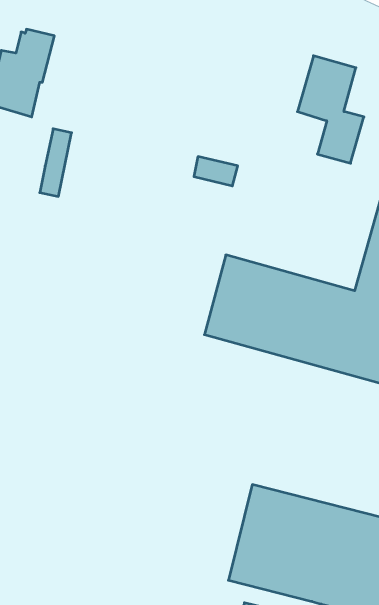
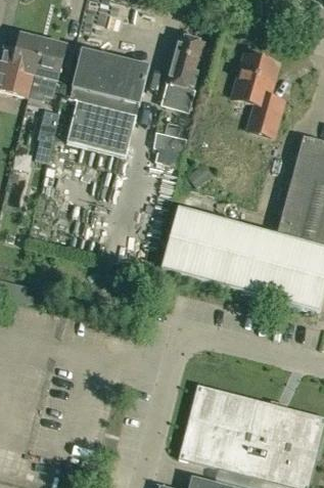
building: none -> [160,35,203,112]
building: none -> [36,38,64,96]
building: none -> [65,48,148,156]

